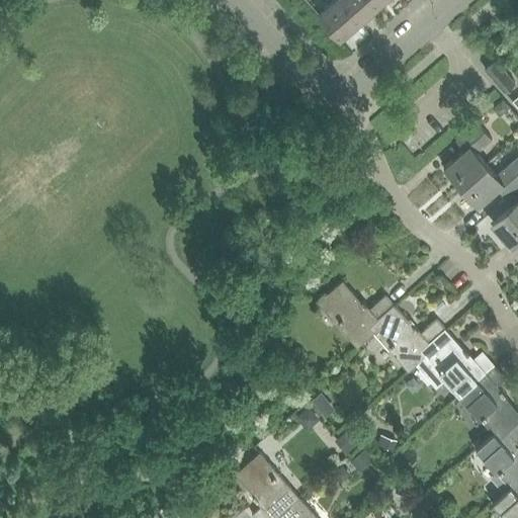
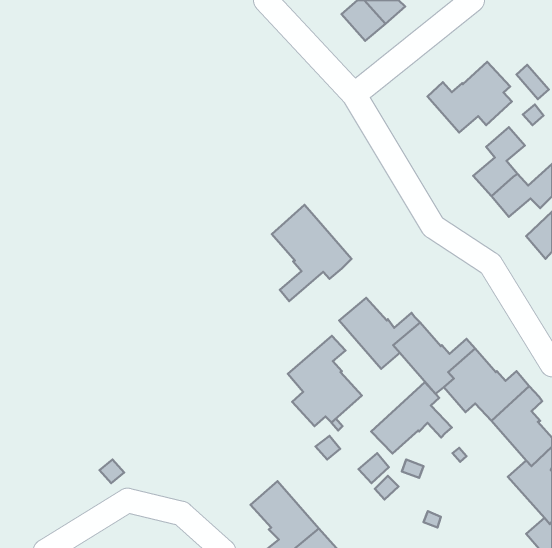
building: none -> [427,62,512,132]
building: none -> [272,205,352,301]
building: none -> [288,336,362,426]
building: none -> [371,382,452,454]

